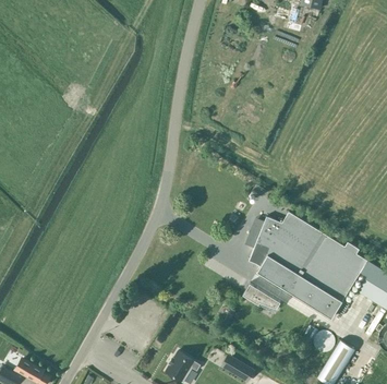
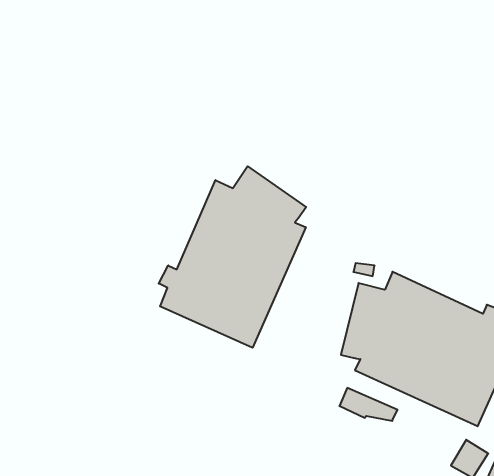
building: none -> [159,166,306,348]

